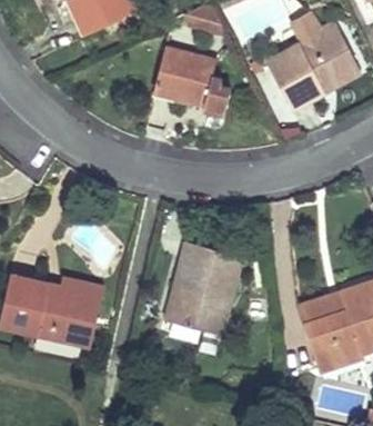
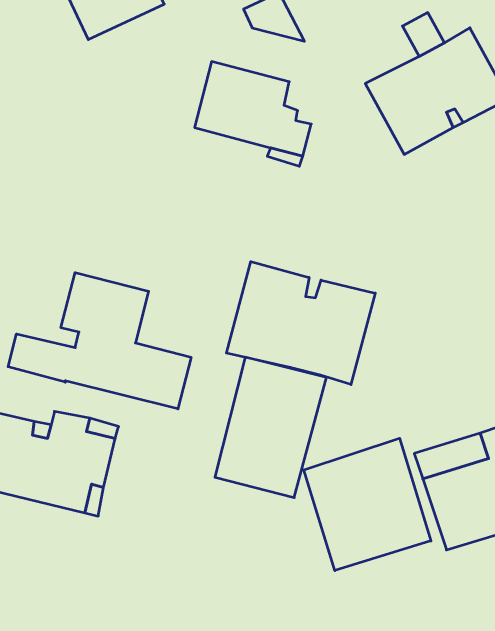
building: none -> [226,262,375,385]
building: none -> [8,273,191,409]
building: none -> [304,438,431,571]

